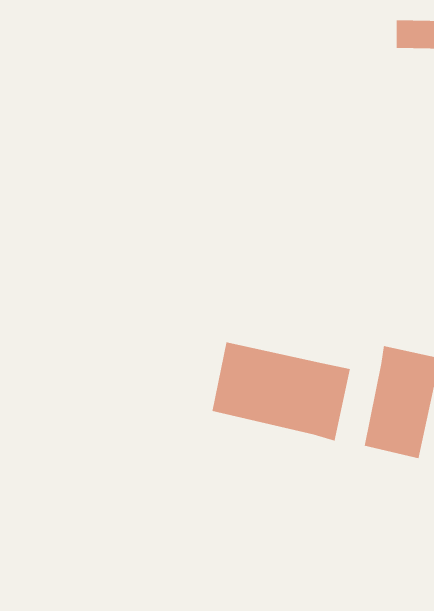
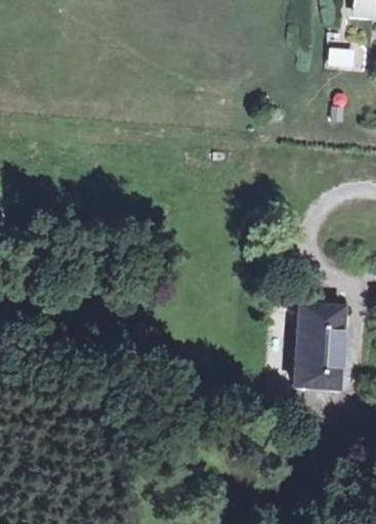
building: [212,342,351,441] -> none

